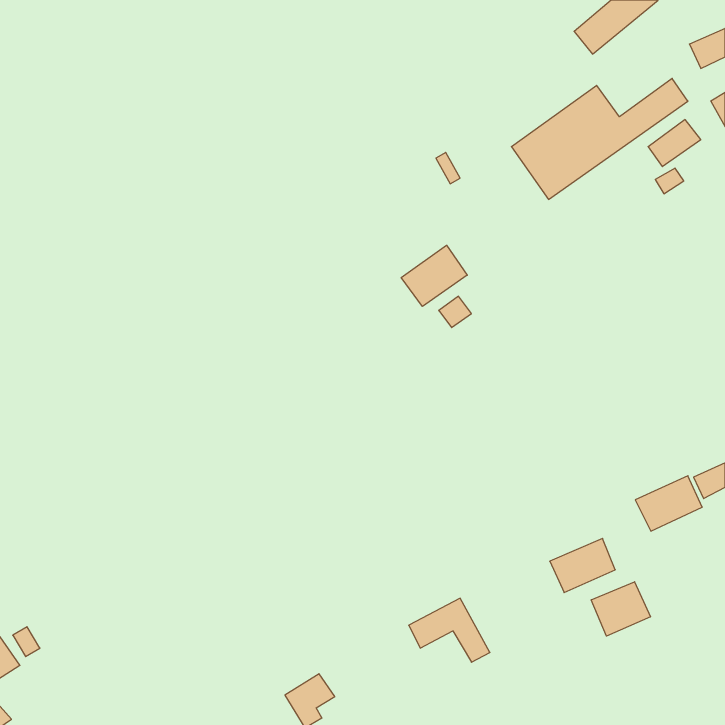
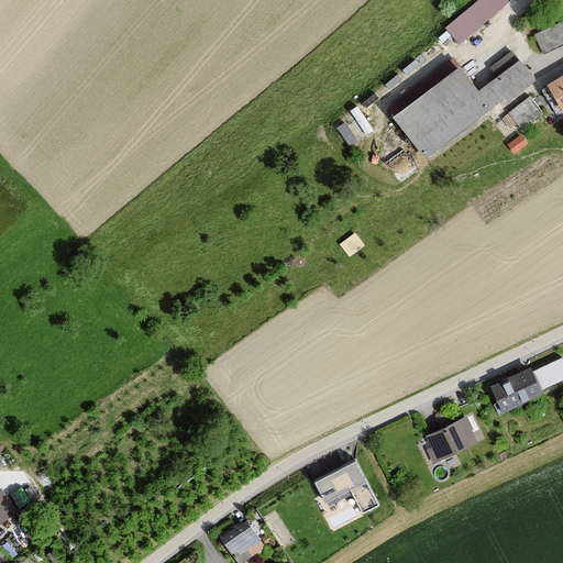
building: [401,245,467,306] -> none
building: [591,582,650,636] -> none

